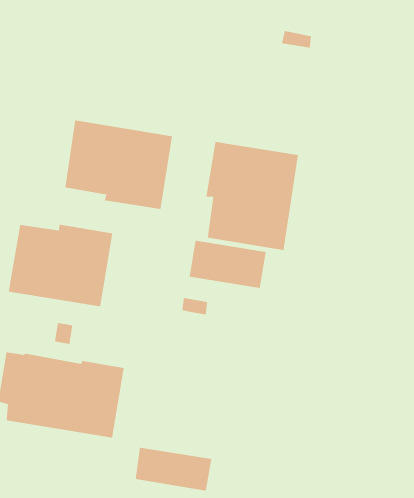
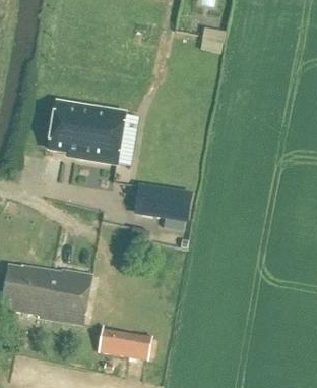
building: [206,141,299,251] -> none
building: [8,224,113,307] -> none

